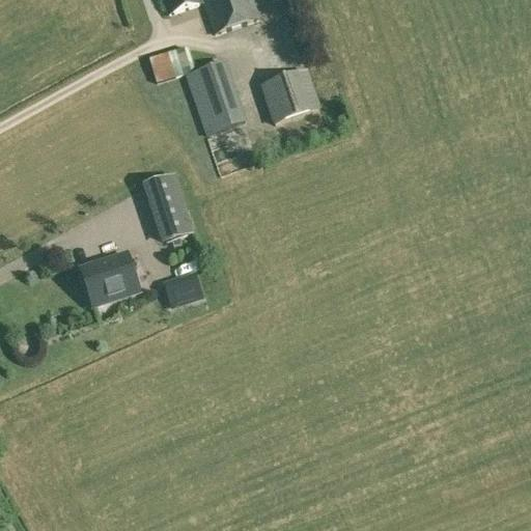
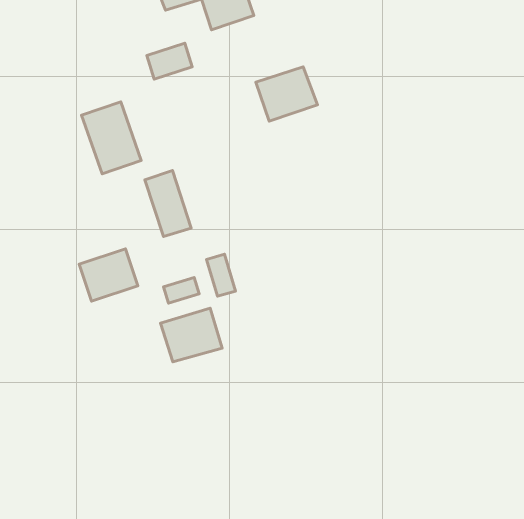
building: [185,59,245,132] -> [82,102,141,174]
building: none -> [207,254,236,296]
building: none -> [160,308,222,362]

